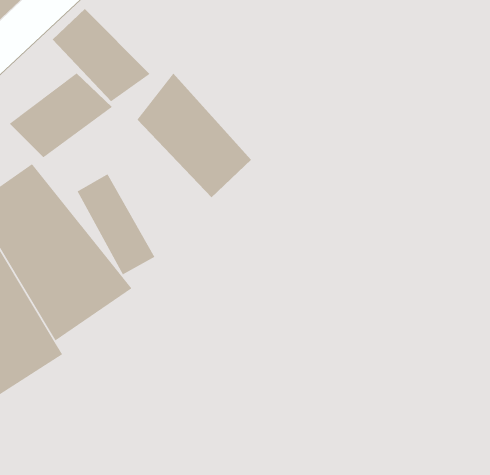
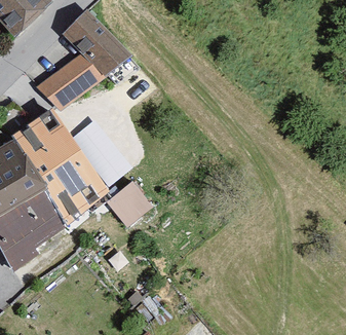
building: [137,73,252,198] -> none
building: none -> [105,180,150,225]

